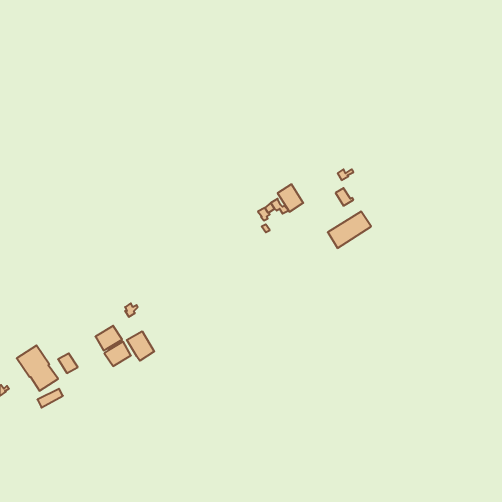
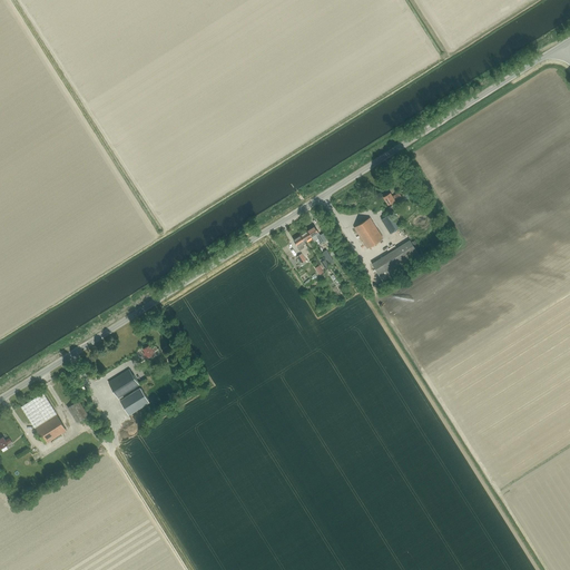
building: [278,184,303,212] -> [353,216,382,247]
building: [127,331,154,361] -> none

